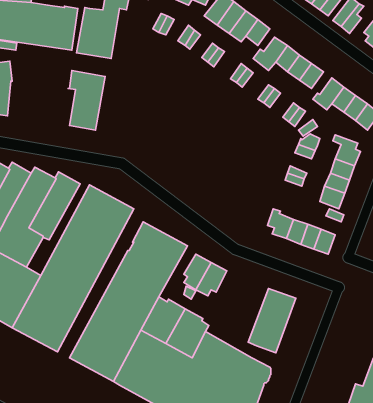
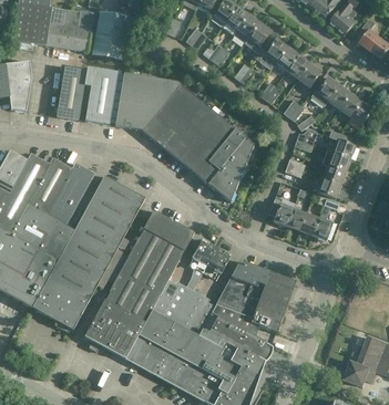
building: none -> [57,65,86,118]
building: none -> [114,72,254,200]
building: none -> [211,261,269,335]

